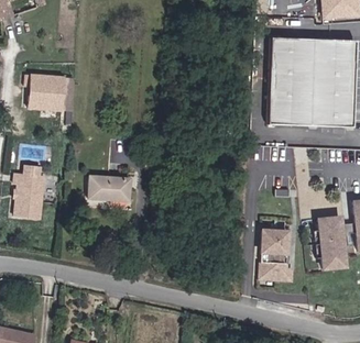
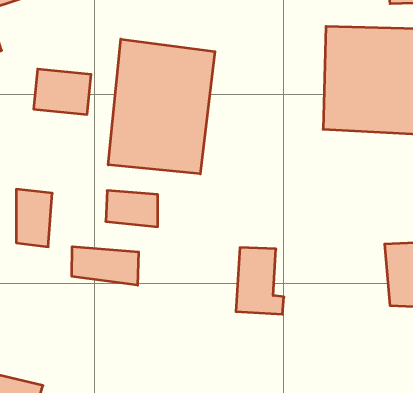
building: none -> [108,39,215,174]
building: none -> [72,247,139,285]
building: [254,226,294,281] -> [236,248,284,314]

